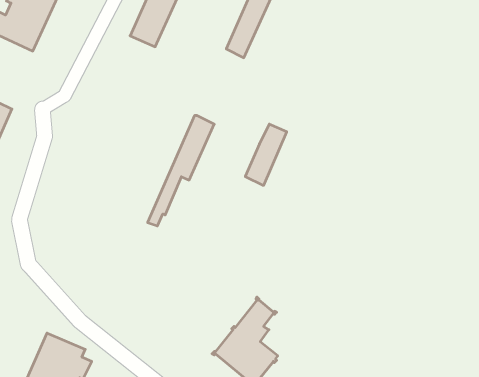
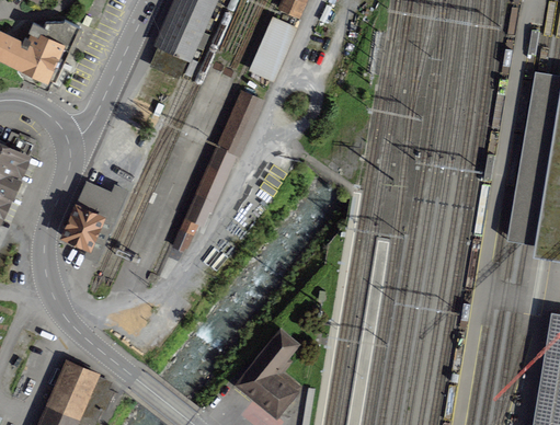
building: [245,124,287,185] -> [219,93,261,154]
building: none -> [59,182,113,256]

